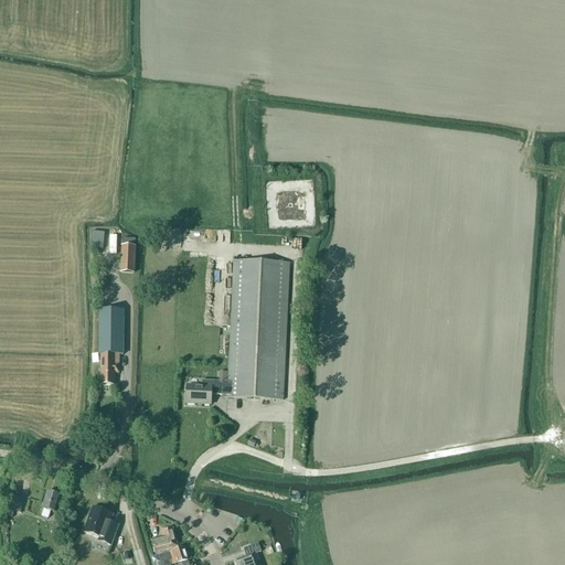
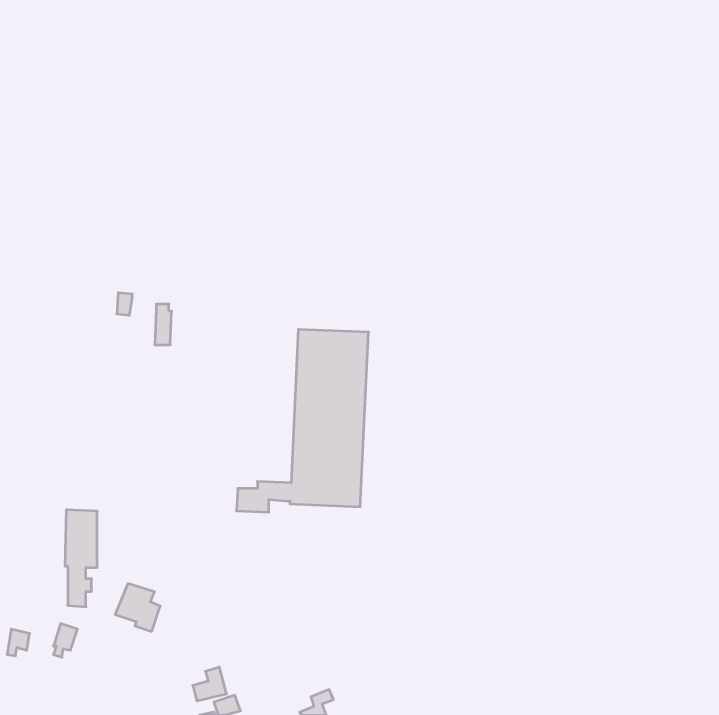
building: [98,307,124,383] -> [65,510,97,607]
building: [83,505,118,543] -> [115,584,160,631]

